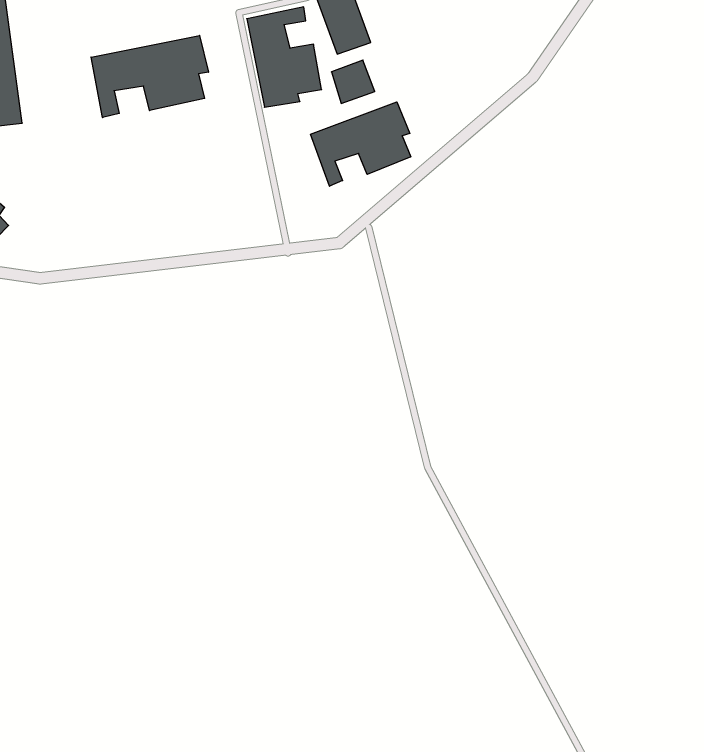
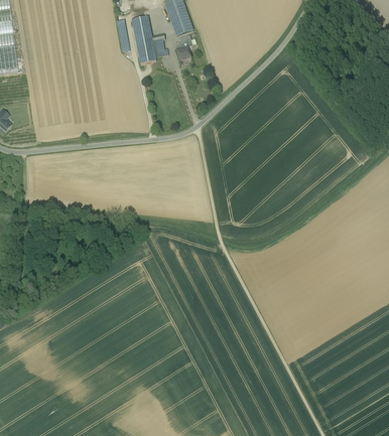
building: [91,35,208,118] -> none
building: [310,102,411,186] -> none

